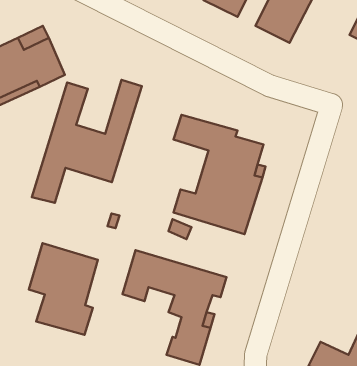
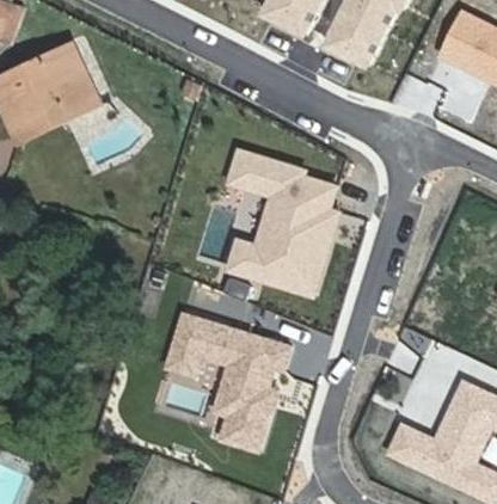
building: [32,80,142,203] -> none
building: [29,243,98,335] -> none

